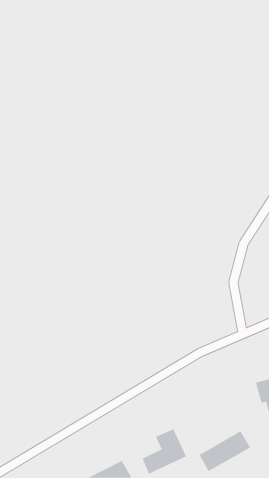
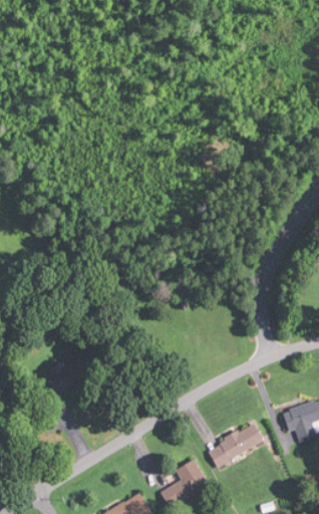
building: [199,431,251,472] -> [207,424,263,468]

